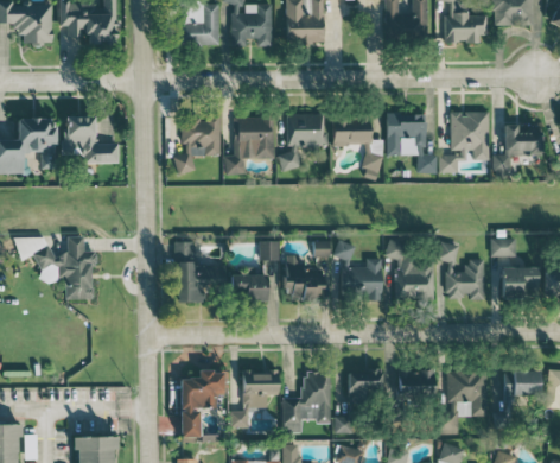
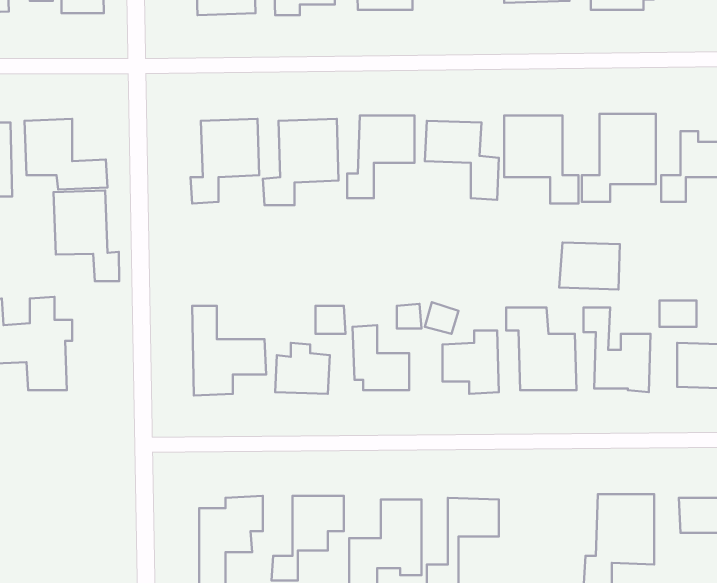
building: none -> [54,190,119,281]
building: none -> [559,242,620,289]
building: [397,369,434,402] -> none

